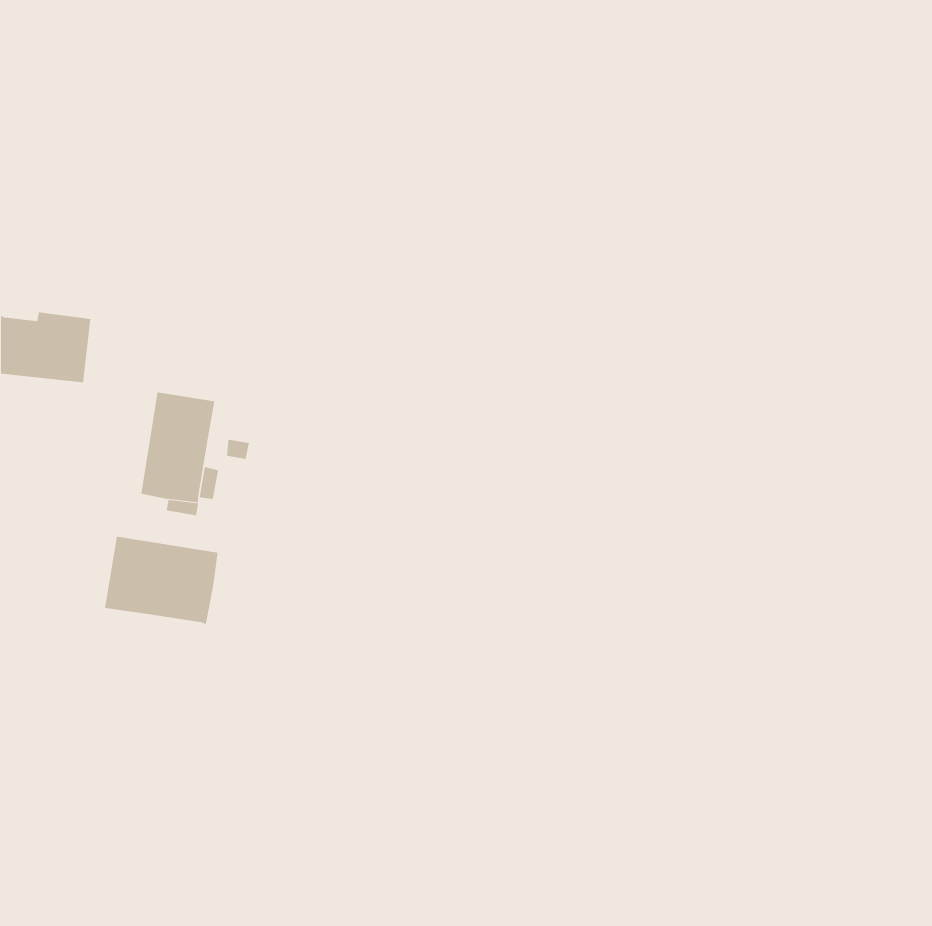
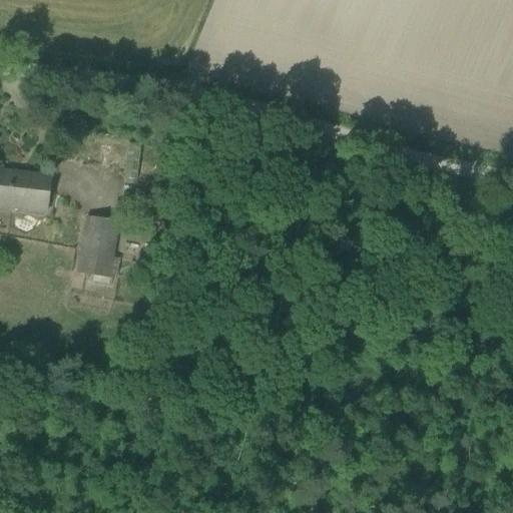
building: [104,536,218,625] -> none

